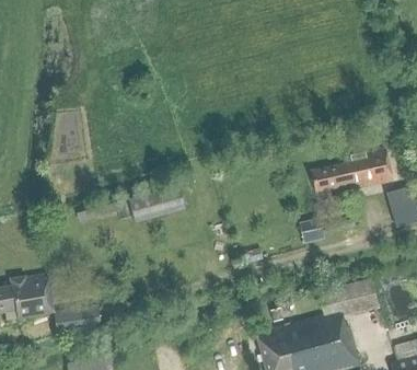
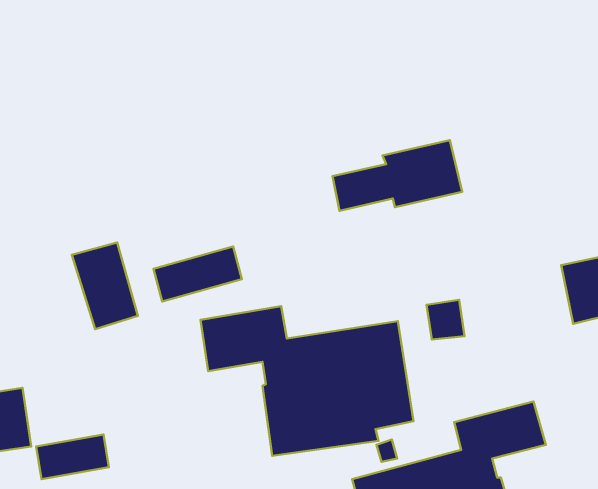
building: [312,151,394,196] -> [333,140,462,211]
building: none -> [72,243,138,329]
building: none -> [201,306,414,456]

